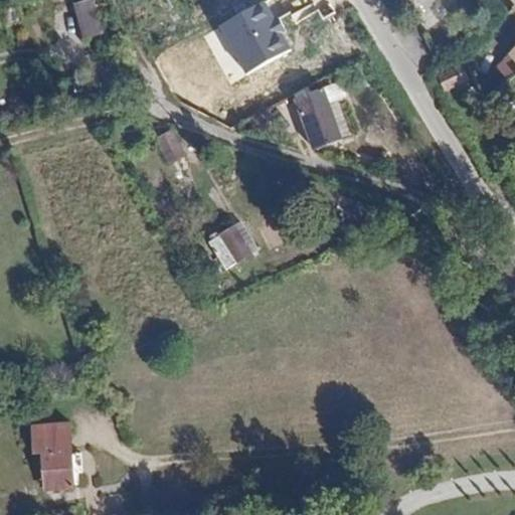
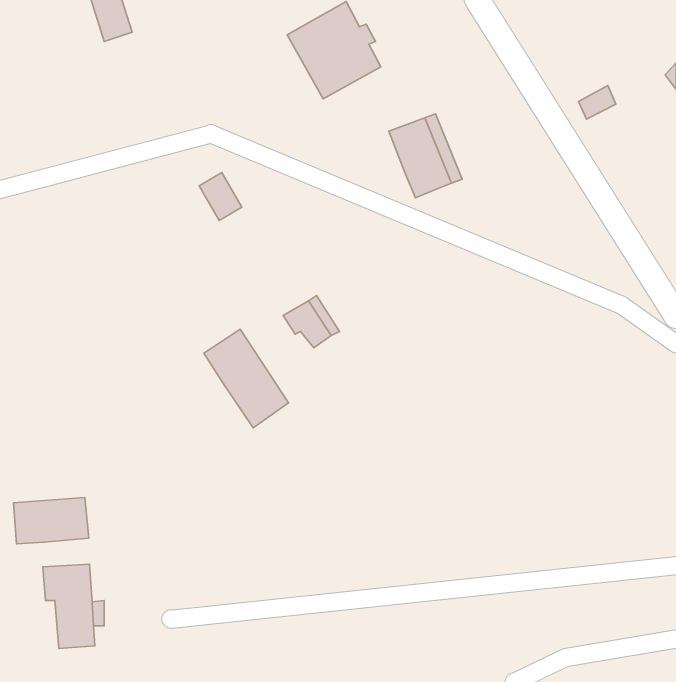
building: none -> [204,329,288,428]
building: none -> [13,498,89,544]

